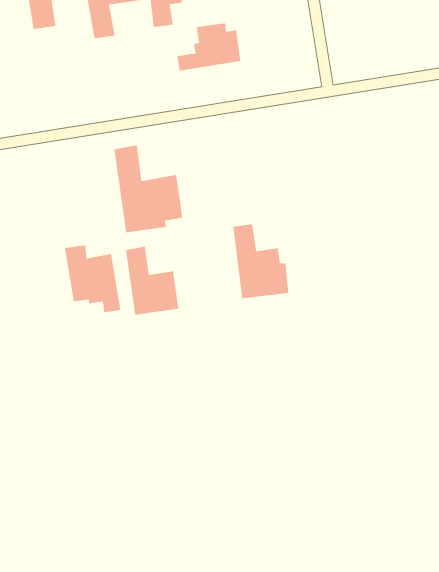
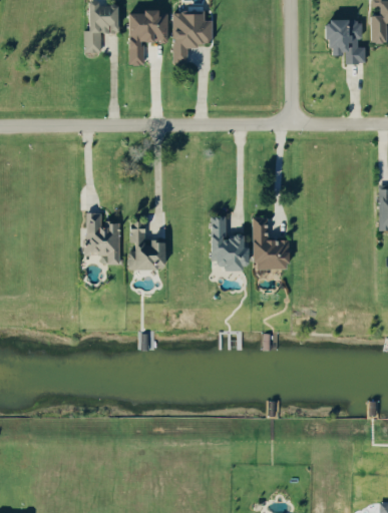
building: [177,23,241,72] -> none
building: [114,145,183,233] -> none
building: none -> [252,216,289,268]

